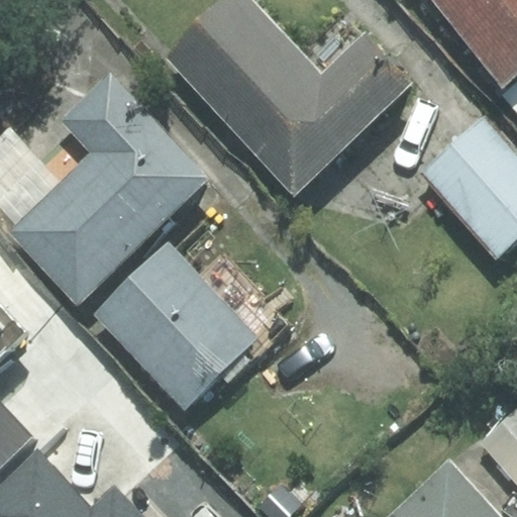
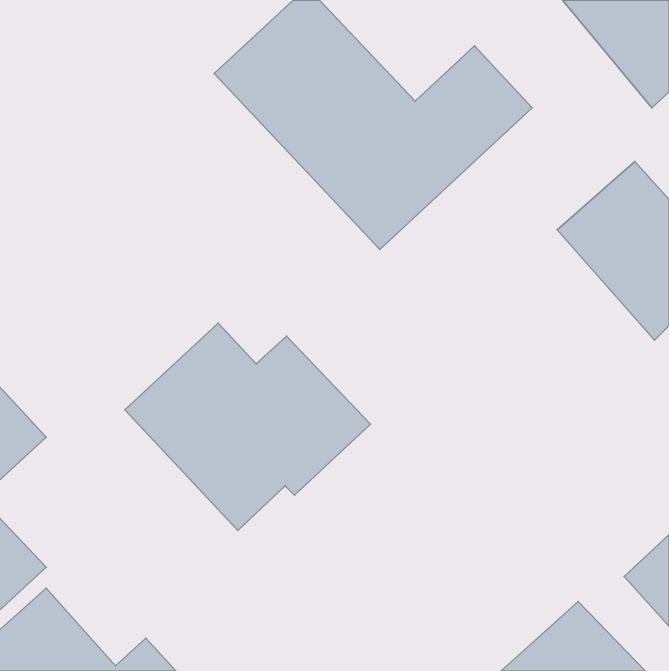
building: [13,78,204,297] -> none

